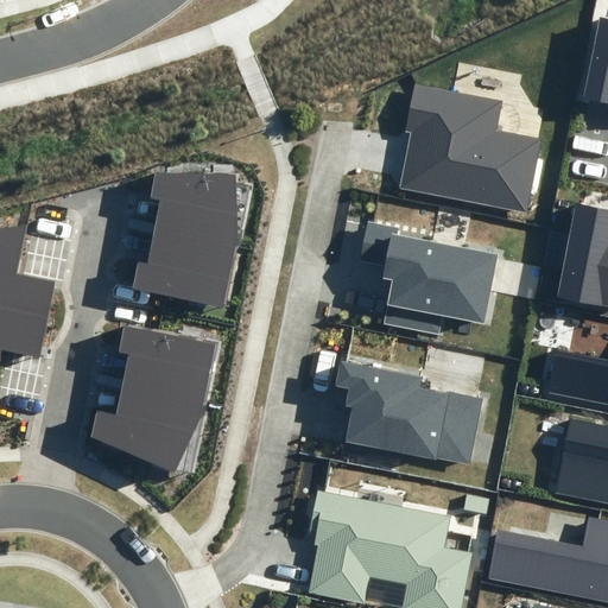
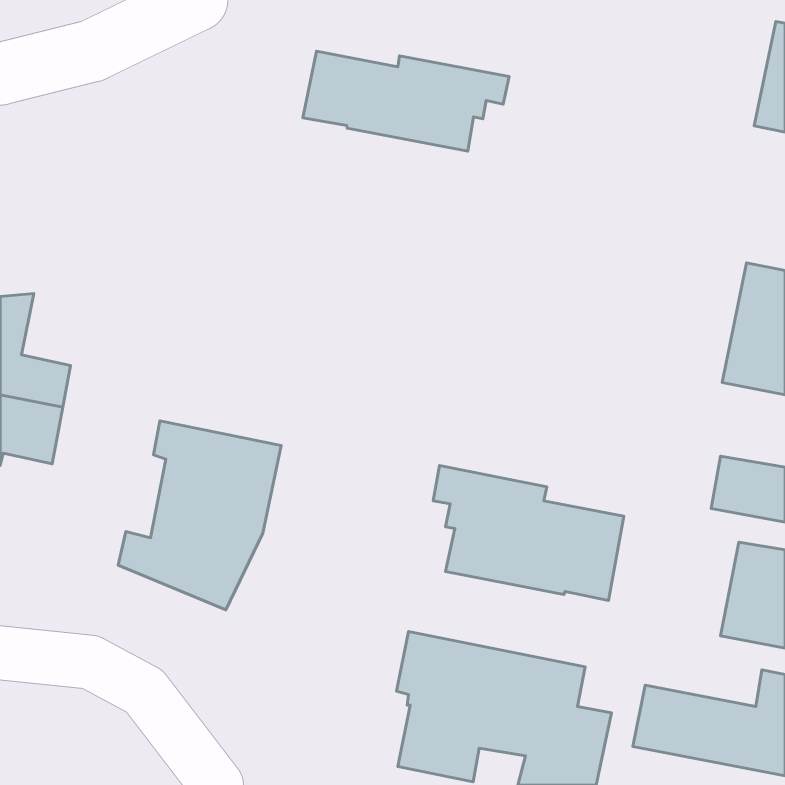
building: none -> [303,51,509,151]
building: [400,83,542,213] -> none
building: [134,173,239,306] -> none
building: [361,223,498,334] -> none

